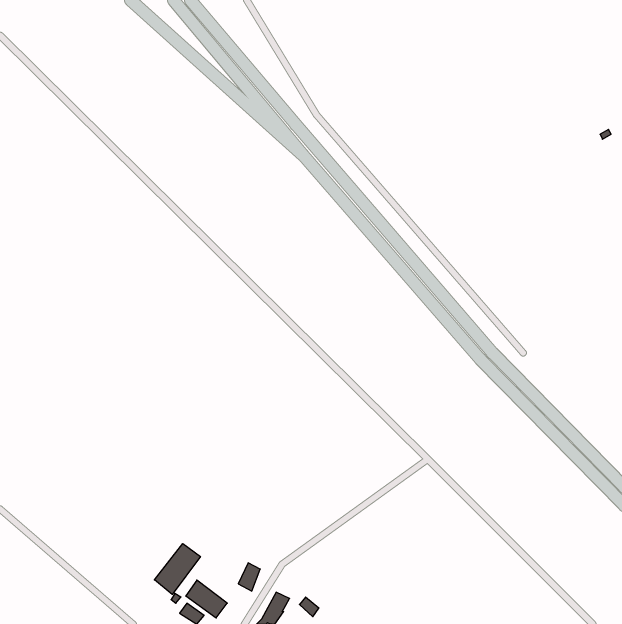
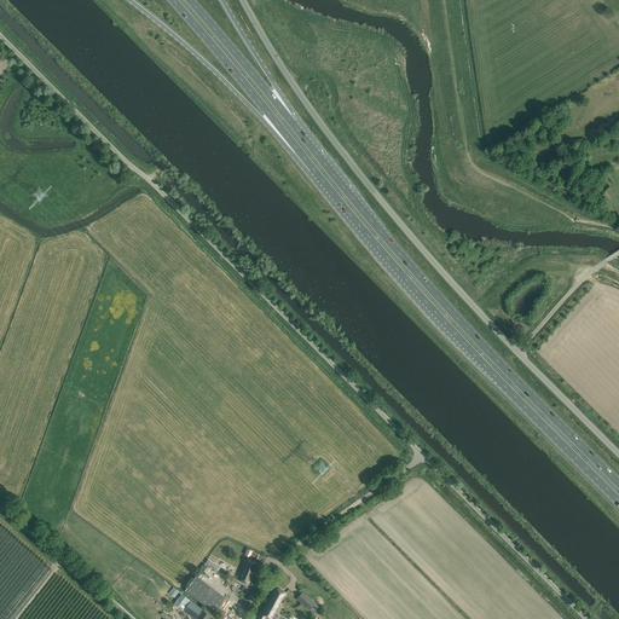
building: [154,544,200,594] -> none

